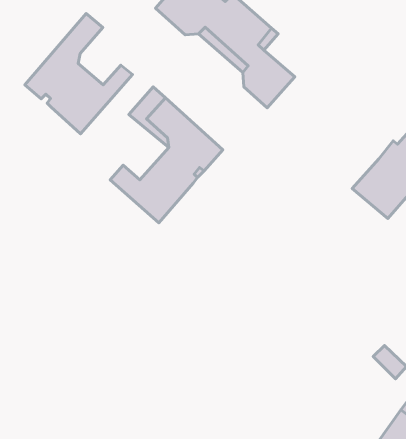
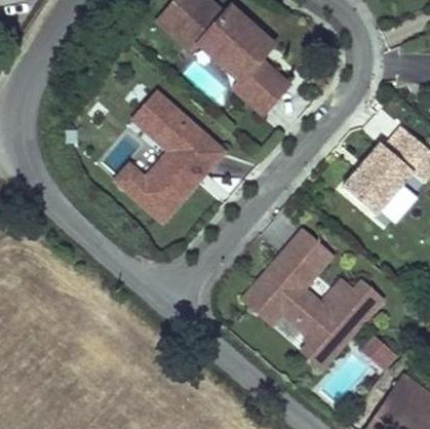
building: [25,14,133,134] -> none
building: none -> [248,233,383,365]

